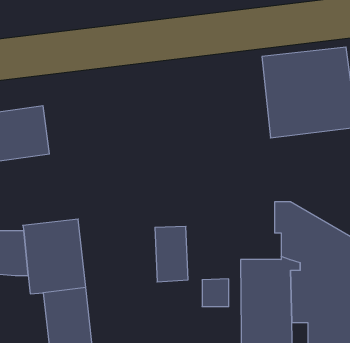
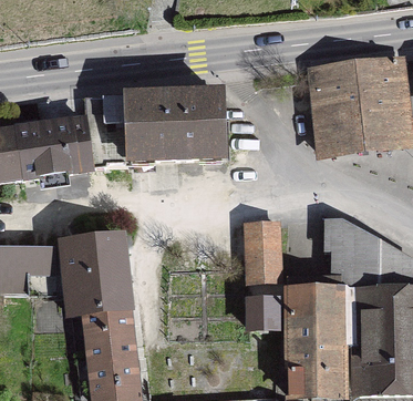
building: none -> [84,94,223,169]
building: [155,226,188,282] -> [246,224,280,281]

